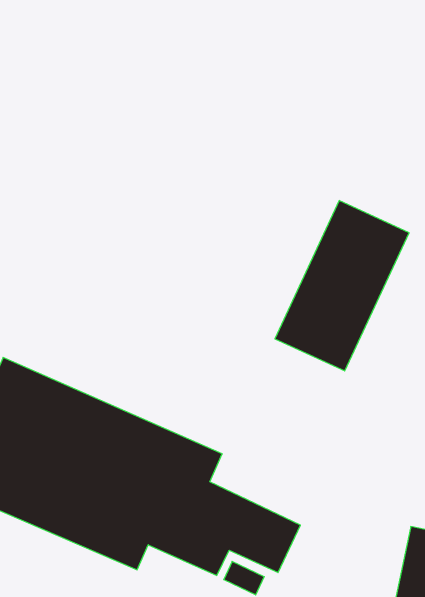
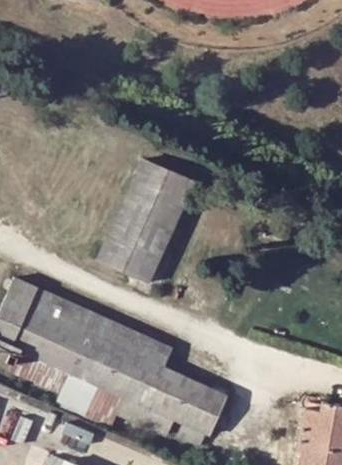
building: [275,201,409,371] -> [99,160,195,282]

